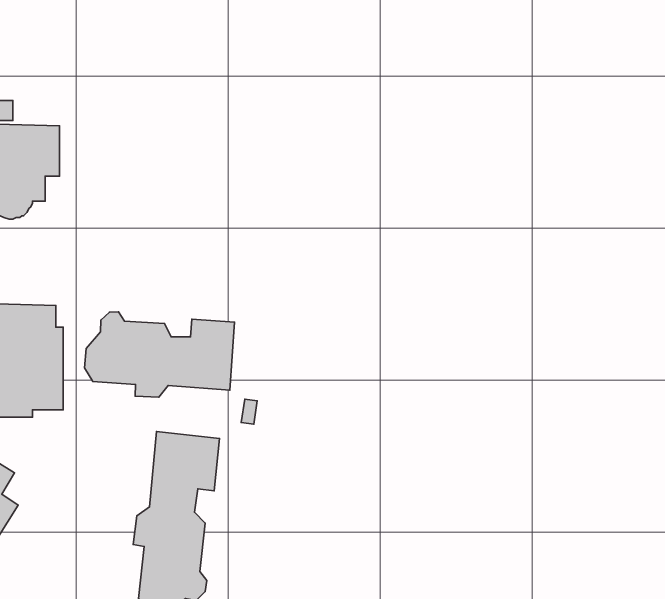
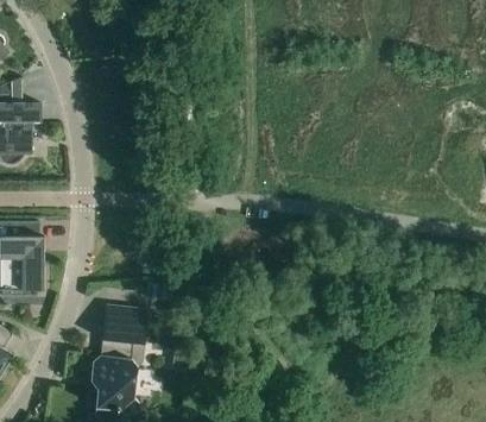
building: [84,312,235,397] -> none

